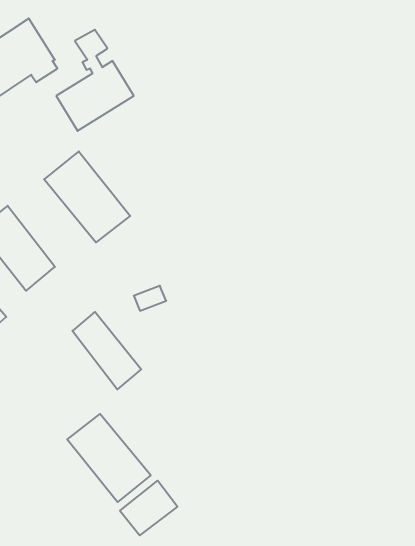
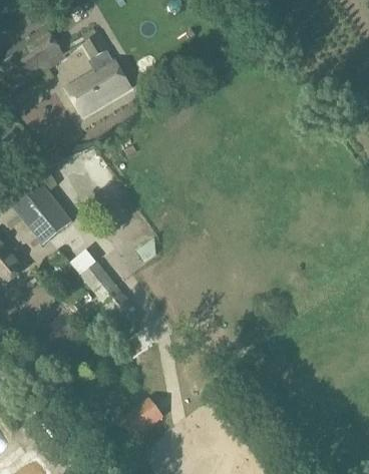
building: [44,151,130,242] -> none
building: [67,414,151,502] -> none

